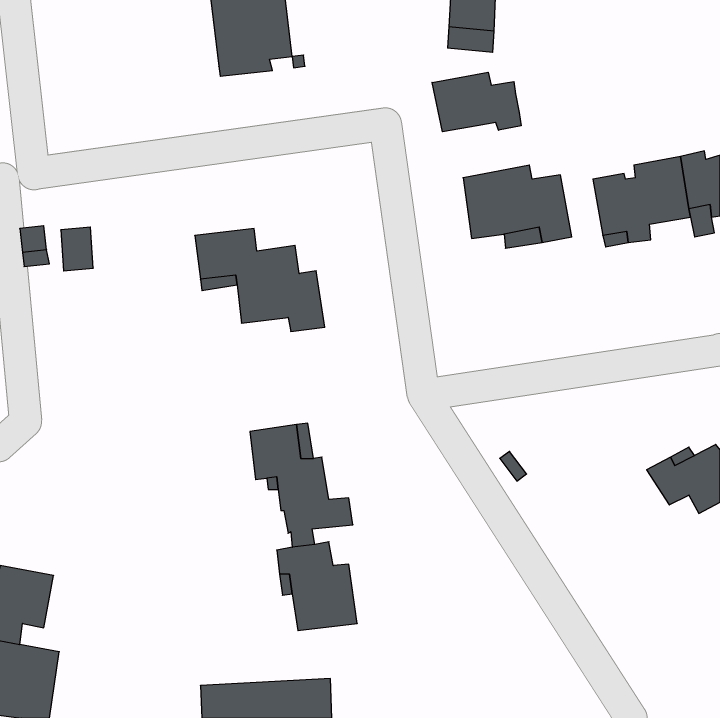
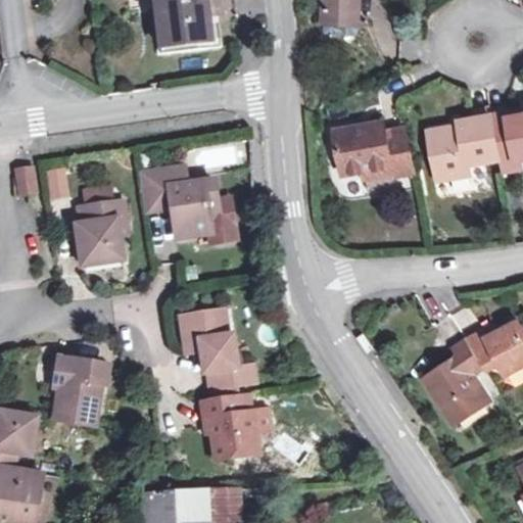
building: [432,72,521,132] -> none
building: none -> [76,199,122,264]
building: none -> [424,340,490,424]
building: none -> [55,353,108,426]

